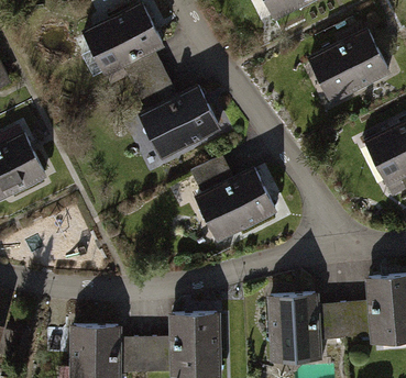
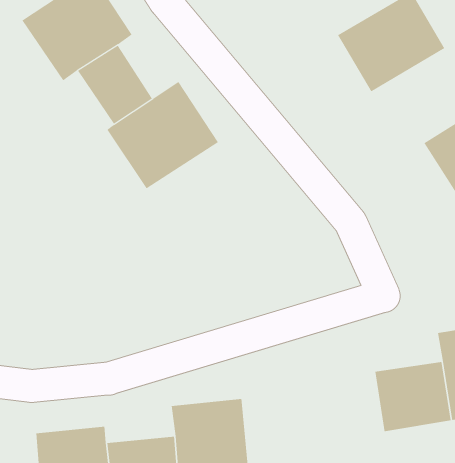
building: [191,160,278,244] -> none
building: [266,293,322,358] -> none

